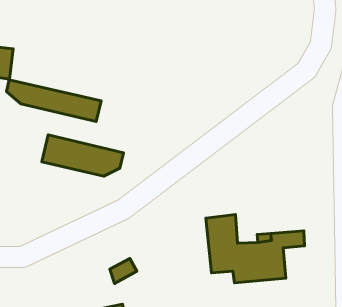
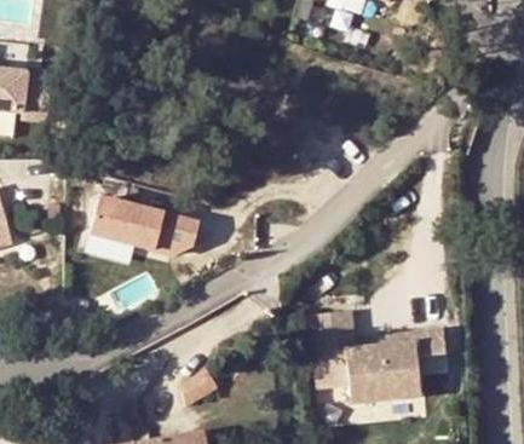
building: [6,80,101,122] -> none

